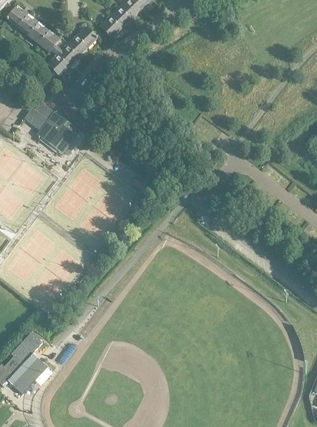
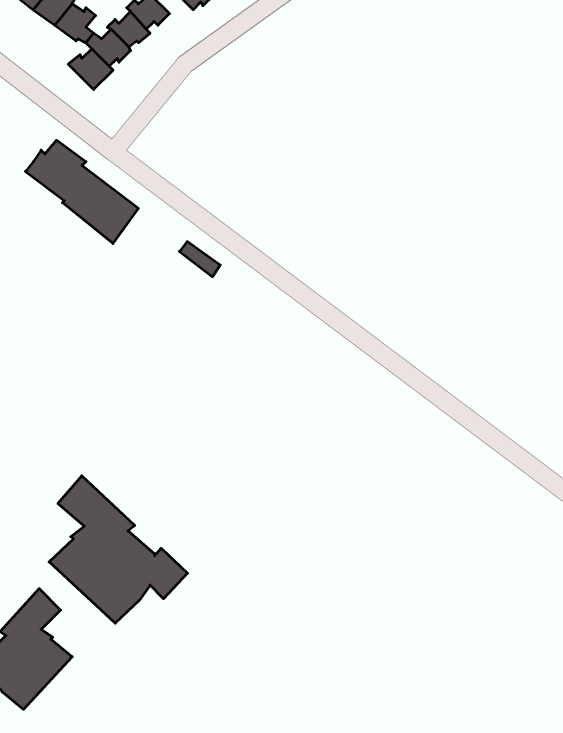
building: none -> [49,476,188,623]

